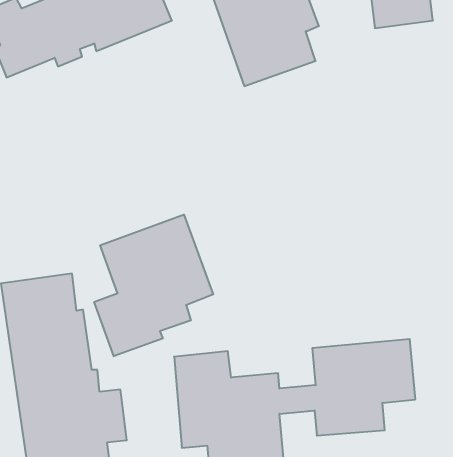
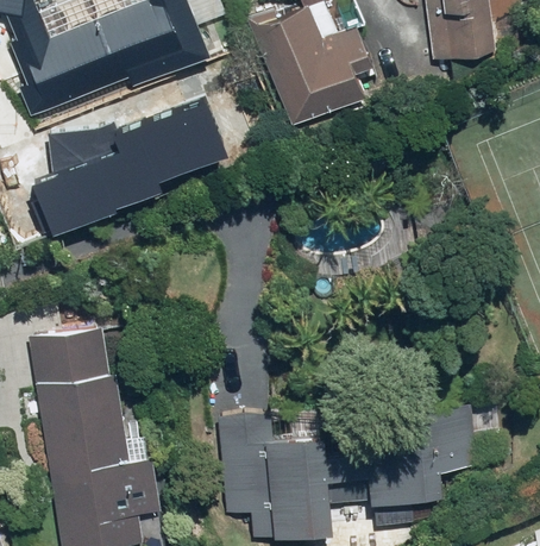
building: none -> [34,102,224,243]
building: [94,215,213,356] -> none

